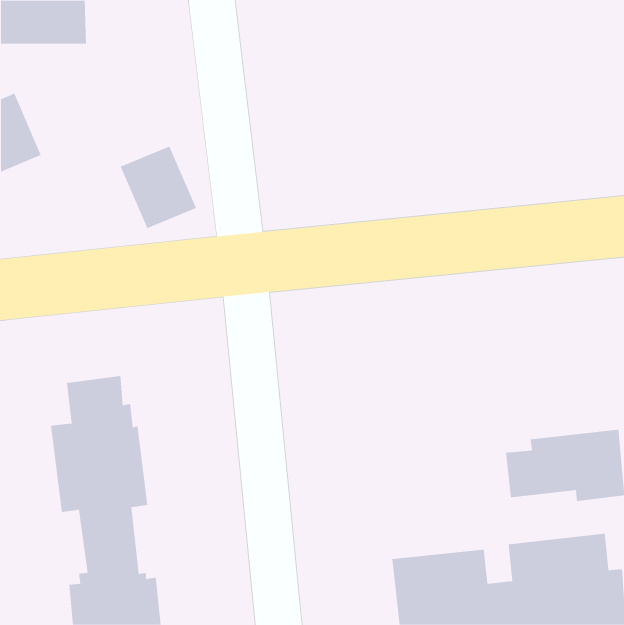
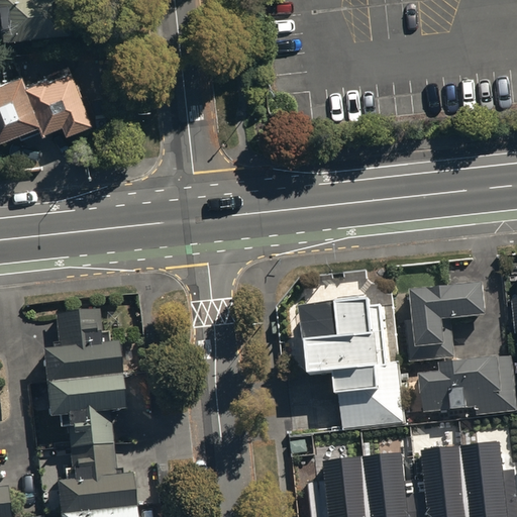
building: [120,146,197,229] -> [21,72,85,140]
building: none -> [406,281,487,361]
building: none -> [299,297,406,430]

